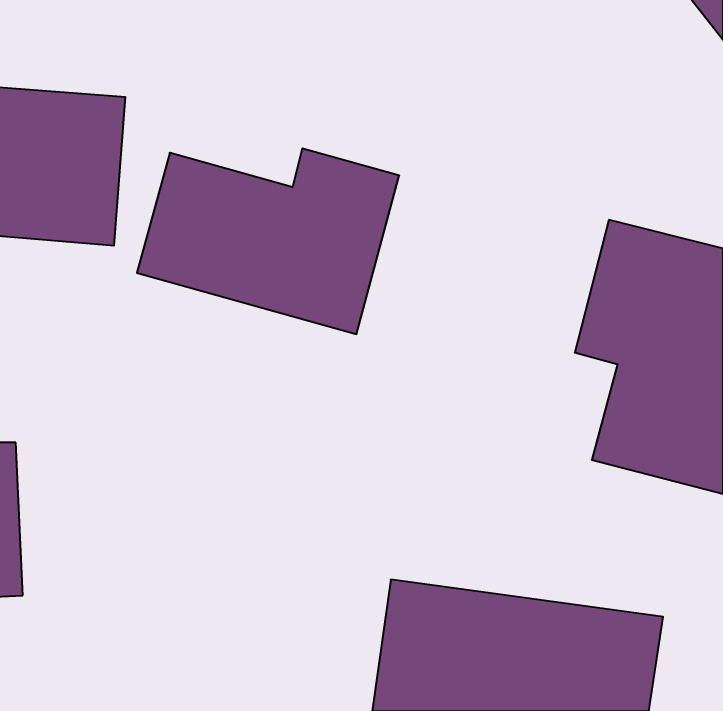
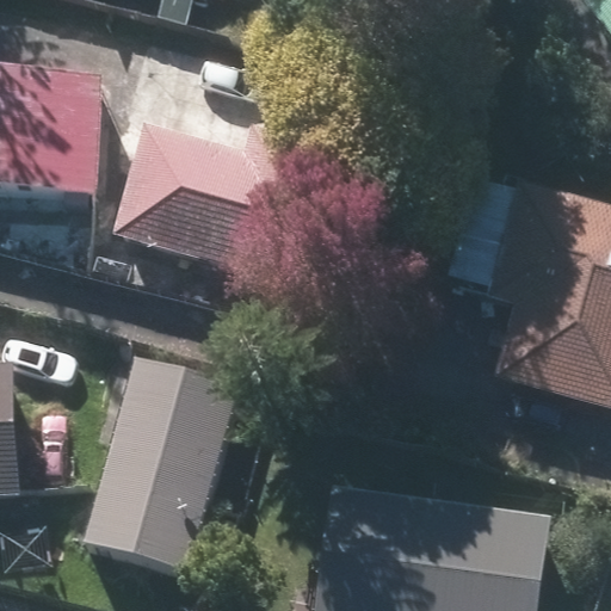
building: none -> [87,359,239,569]

